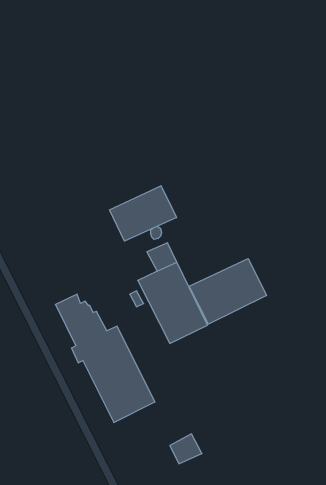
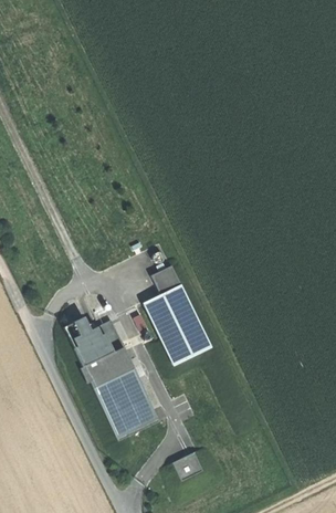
building: [110,186,177,241] -> none
building: [189,259,266,324] -> none

